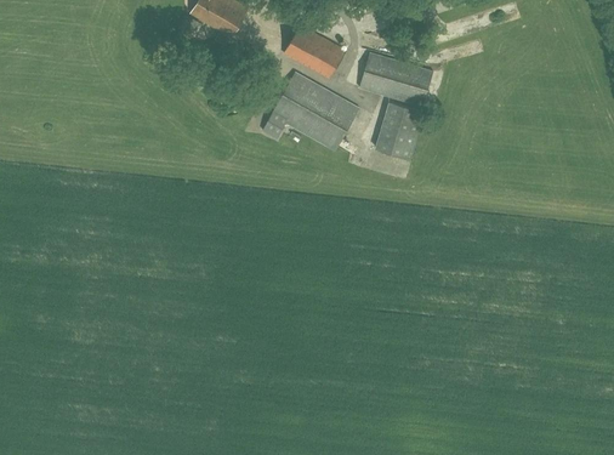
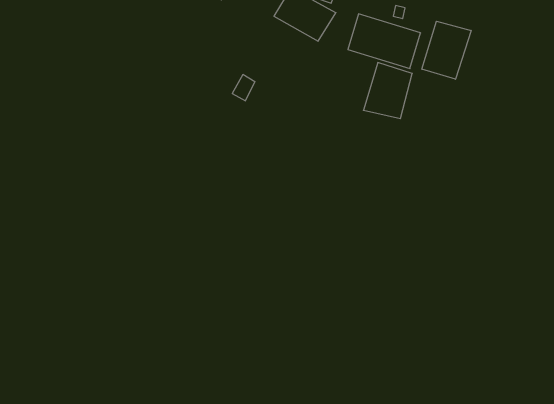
building: none -> [422,21,471,79]
building: [262,72,358,150] -> none

